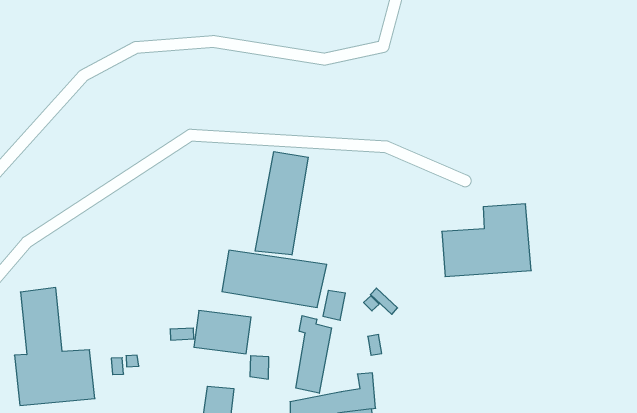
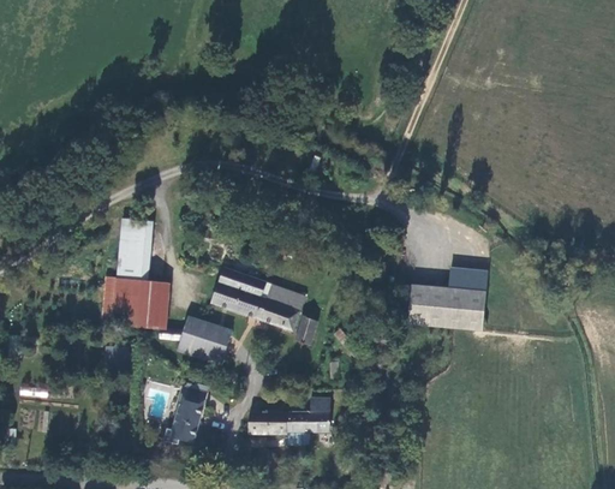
building: [255,152,308,255] -> none
building: [14,288,95,405] -> [103,220,172,323]
building: [296,316,332,393] -> none

